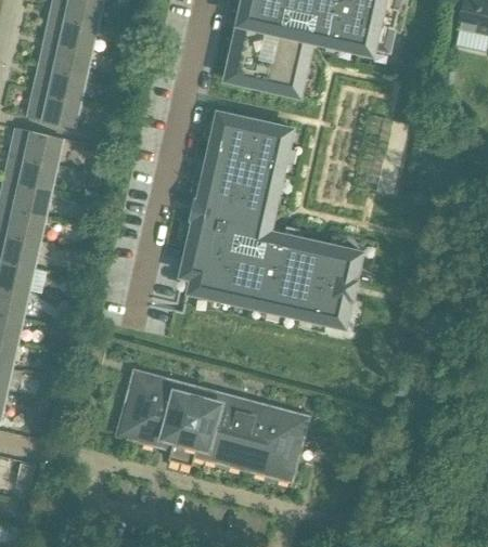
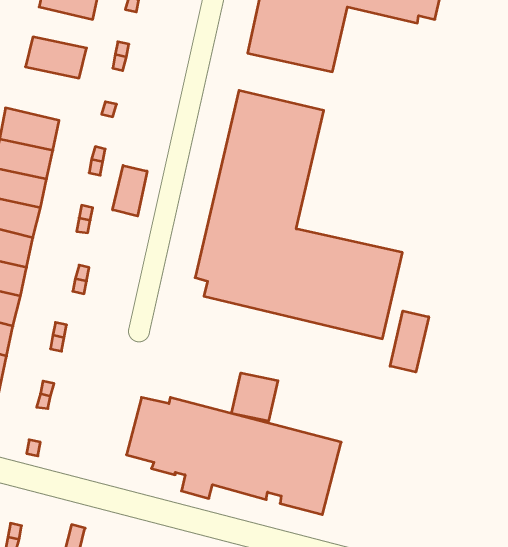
building: [38,38,90,74] -> none
building: [26,90,78,126] -> none
building: none -> [113,165,147,216]
building: none -> [390,311,429,372]
building: none -> [231,373,278,421]

